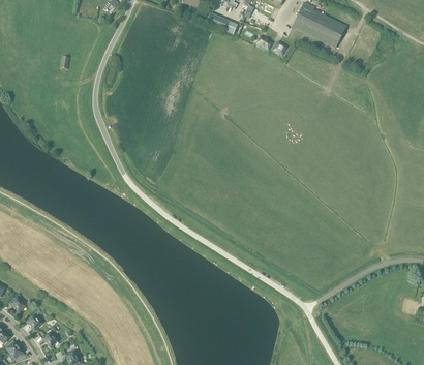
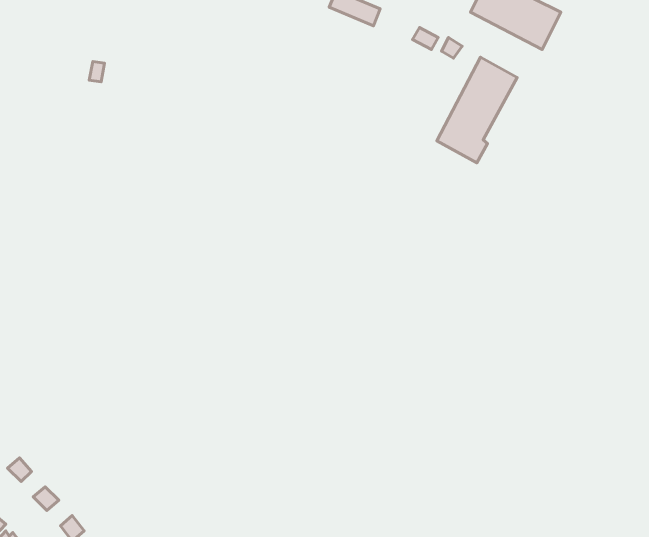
building: none -> [437,57,517,163]

